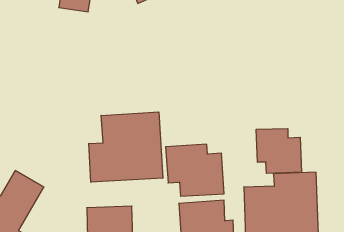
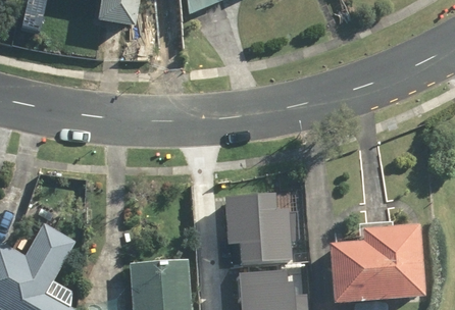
building: [89,112,163,182] -> none
building: [256,129,301,173] -> none

